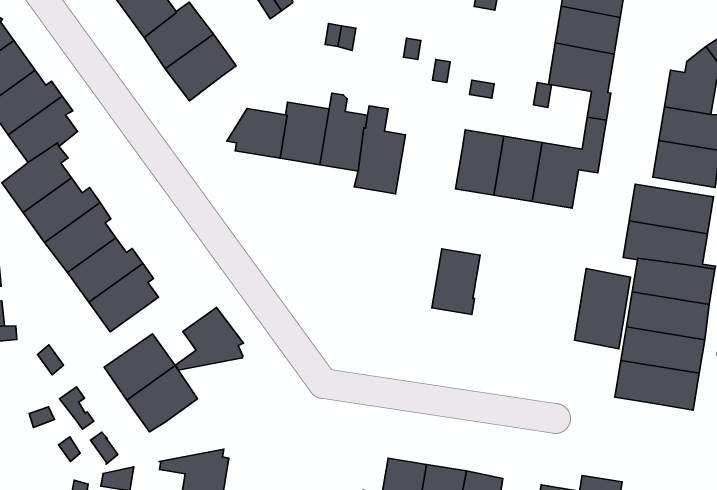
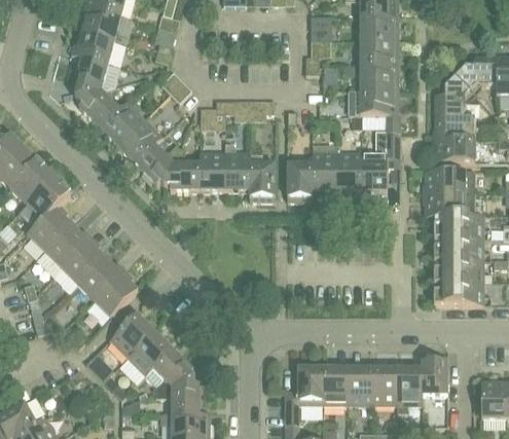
building: none -> [137,143,174,184]
building: [432,249,480,315] -> [288,162,314,200]
building: [574,269,631,349] -> none
building: [176,308,243,370] -> [153,349,194,392]

